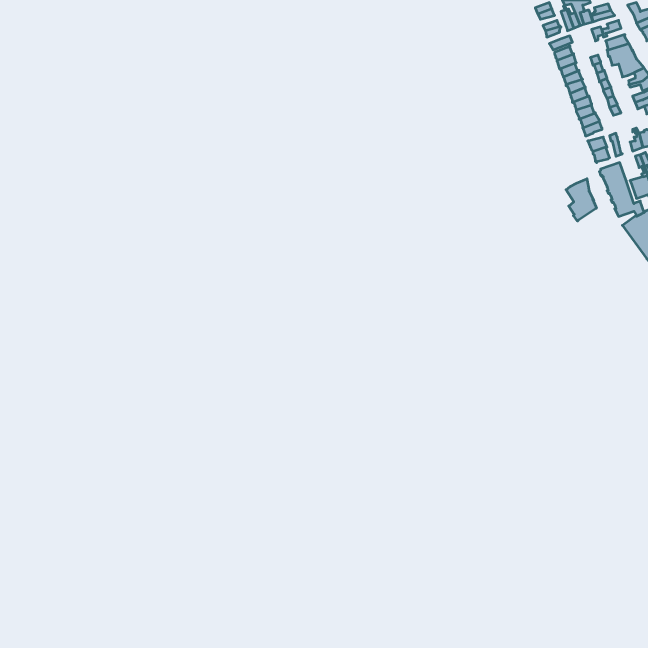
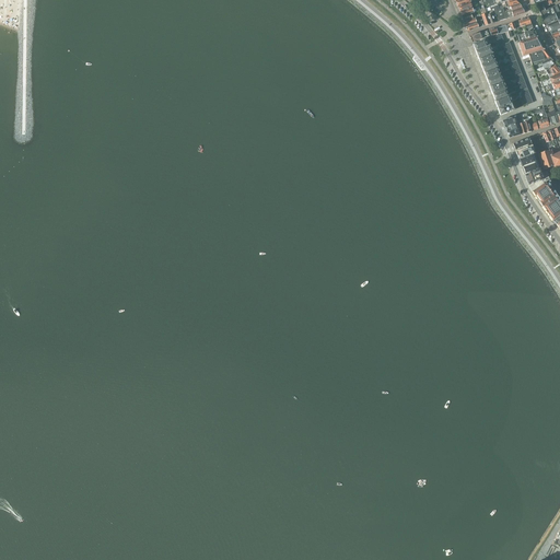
building: [566,179,596,221] -> none

